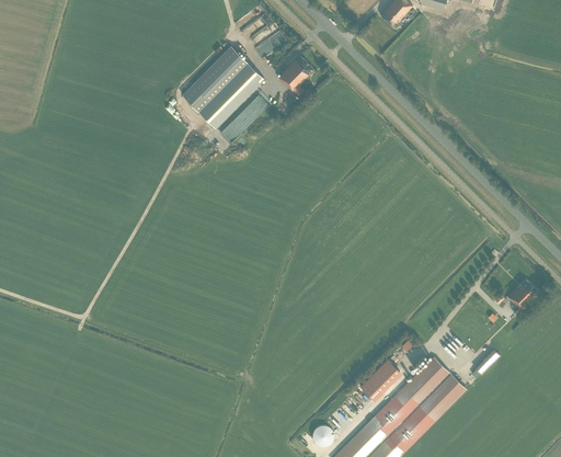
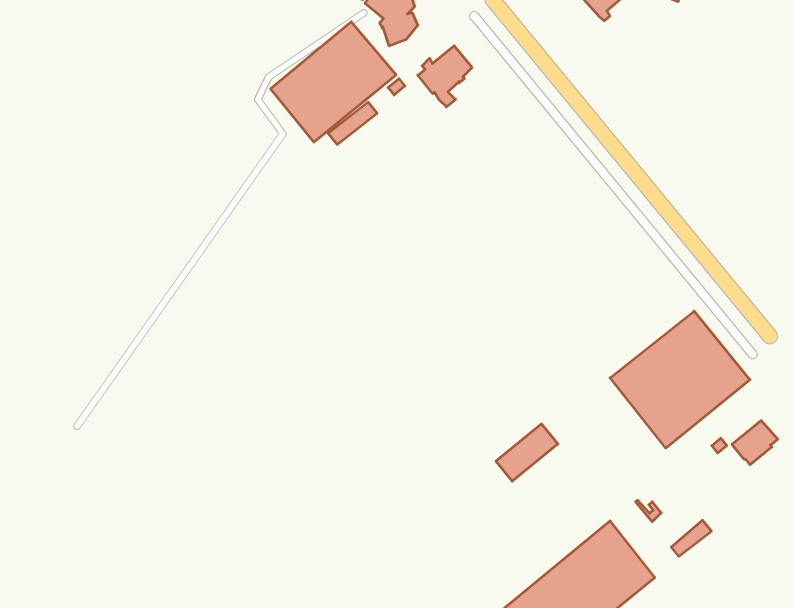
building: none -> [610,311,750,448]
building: [360,358,400,398] -> [496,424,558,481]

